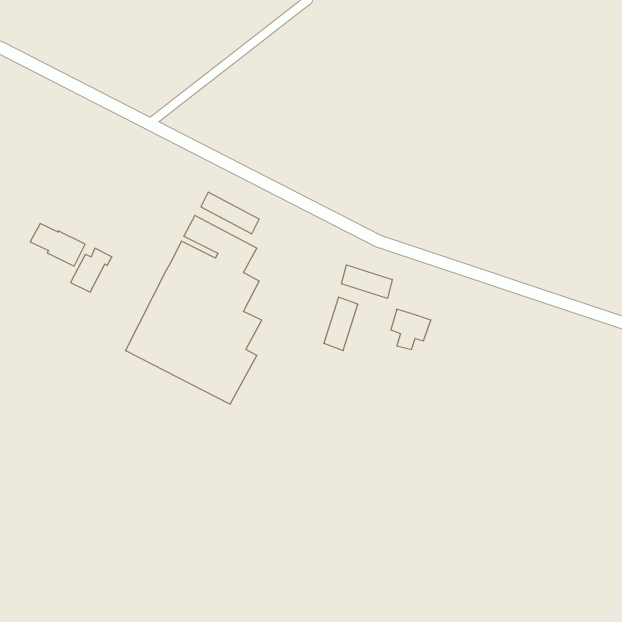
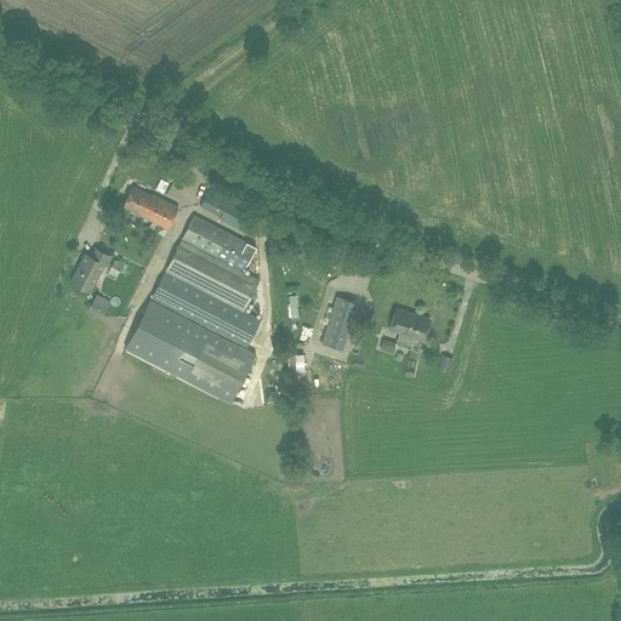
building: [30,224,85,266] -> [123,187,177,229]
building: [341,265,392,298] -> none

